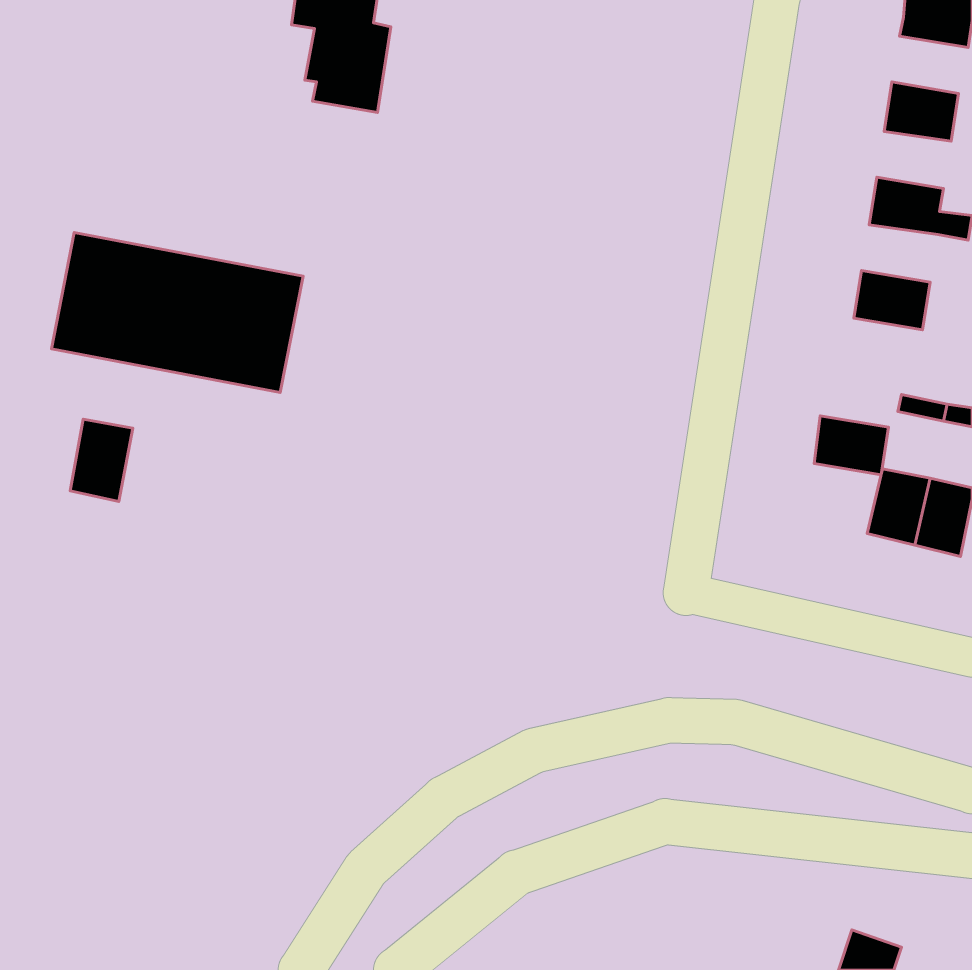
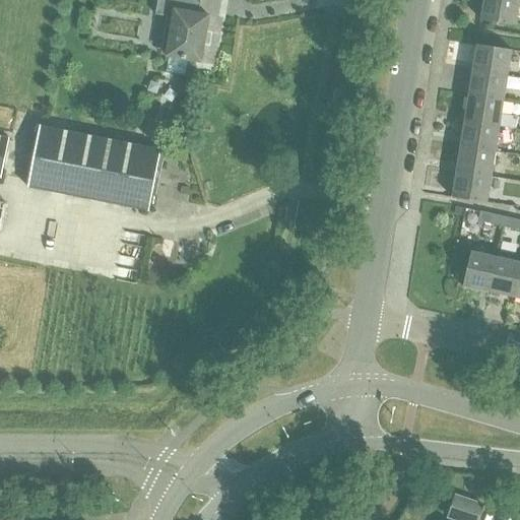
building: none -> [467,70,507,101]
building: none -> [459,120,500,150]
building: [814,416,889,475] -> [452,170,492,201]
building: [70,419,133,502] -> none

